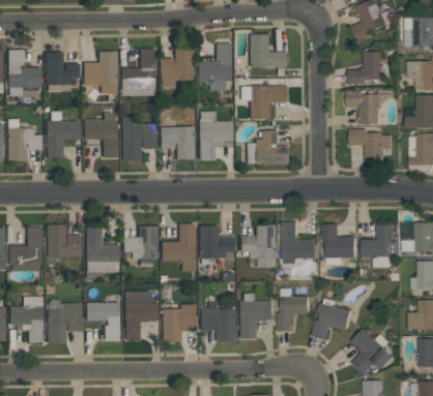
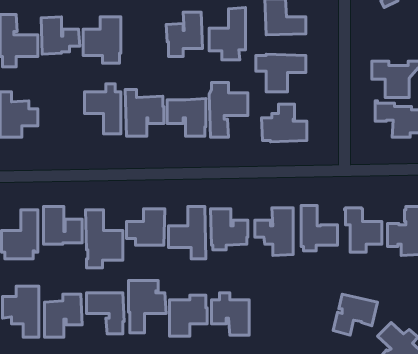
building: [121,48,155,95] -> none
building: [347,52,382,84] -> none
building: [46,111,80,157] -> none
building: [277,288,308,331] -> none
building: [238,293,272,338] -> none

